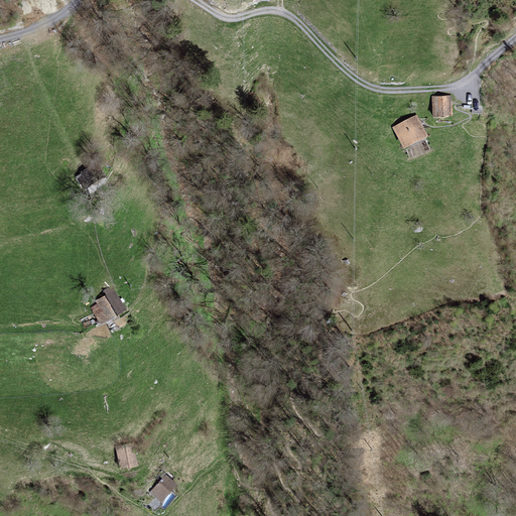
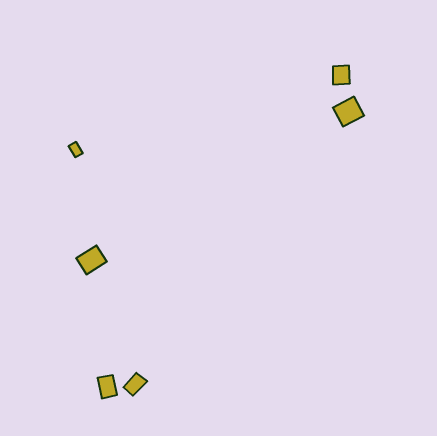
building: [432,95,453,117] -> [333,66,350,84]
building: [150,475,178,502] -> [123,373,147,396]

